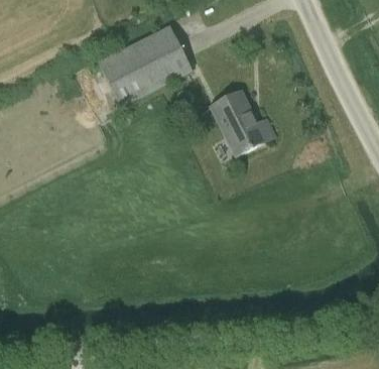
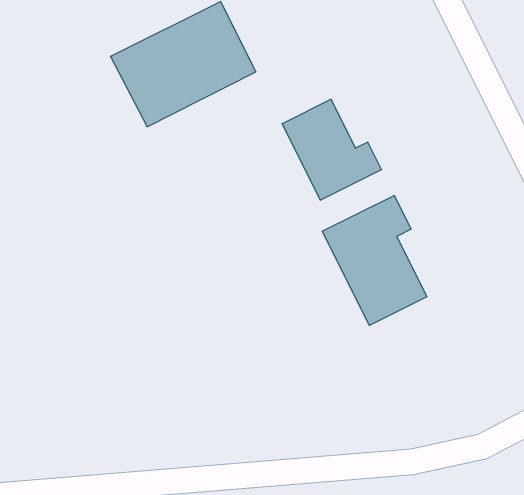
building: none -> [322,195,427,325]

